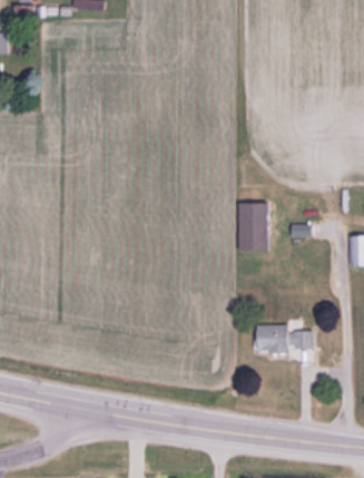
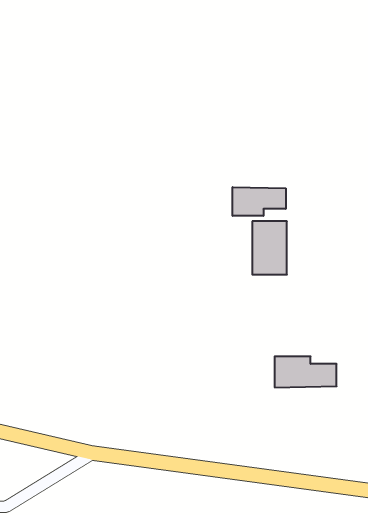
building: none -> [233,187,286,216]

